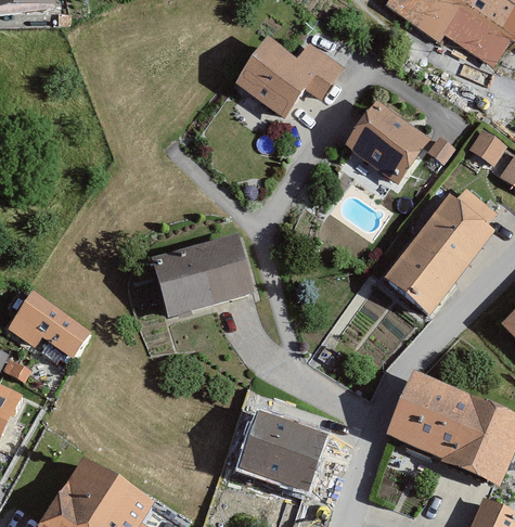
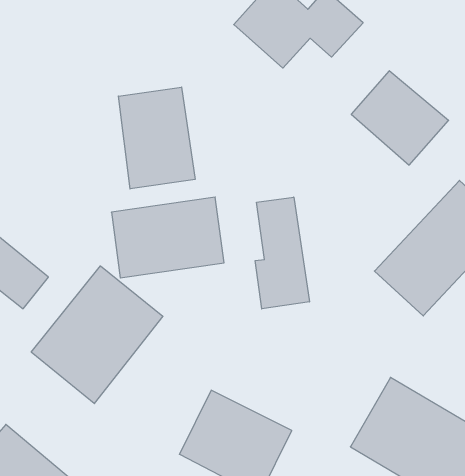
building: none -> [118,87,195,189]
building: none -> [255,197,309,309]
building: none -> [31,266,163,404]

